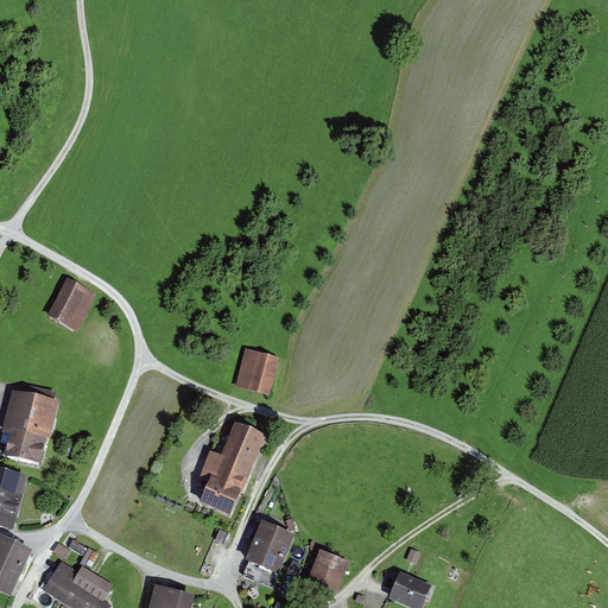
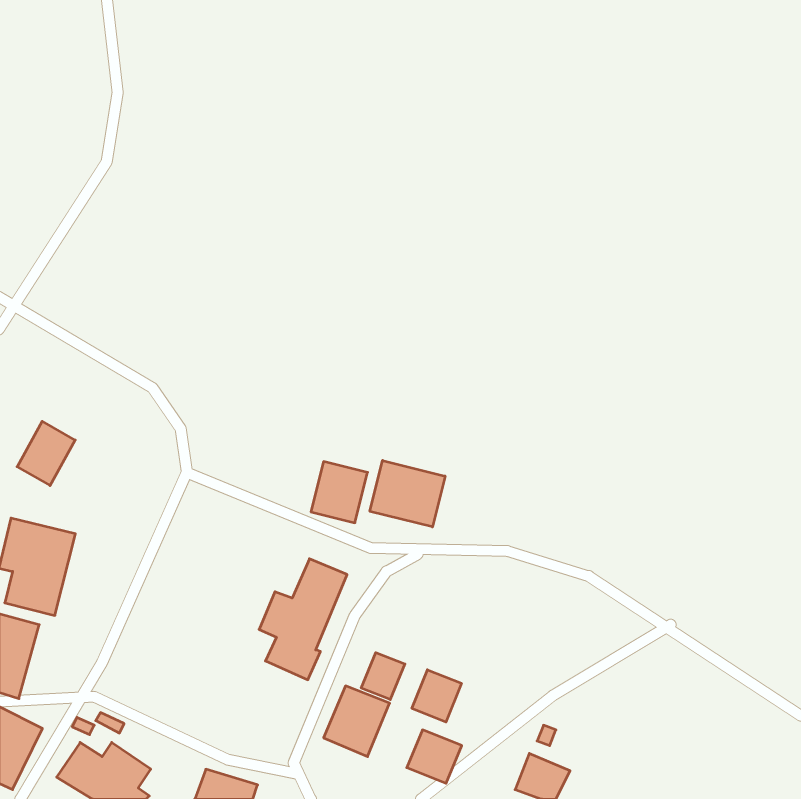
building: [49,279,93,328] -> [17,421,75,486]
building: none -> [370,460,445,527]
building: none -> [361,653,405,700]
building: none -> [412,670,461,722]

